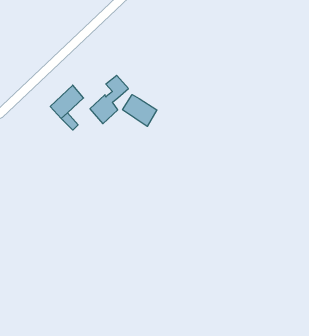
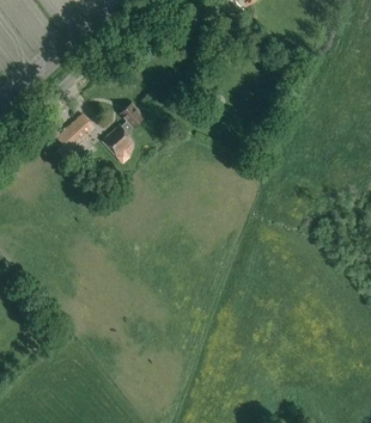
building: [123,95,157,126] -> none

